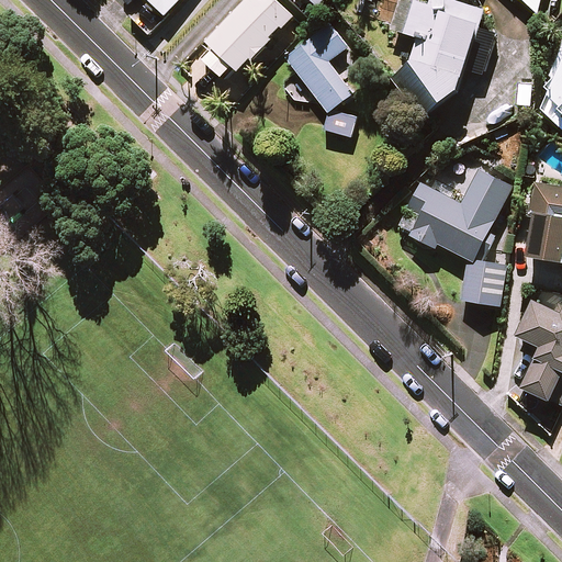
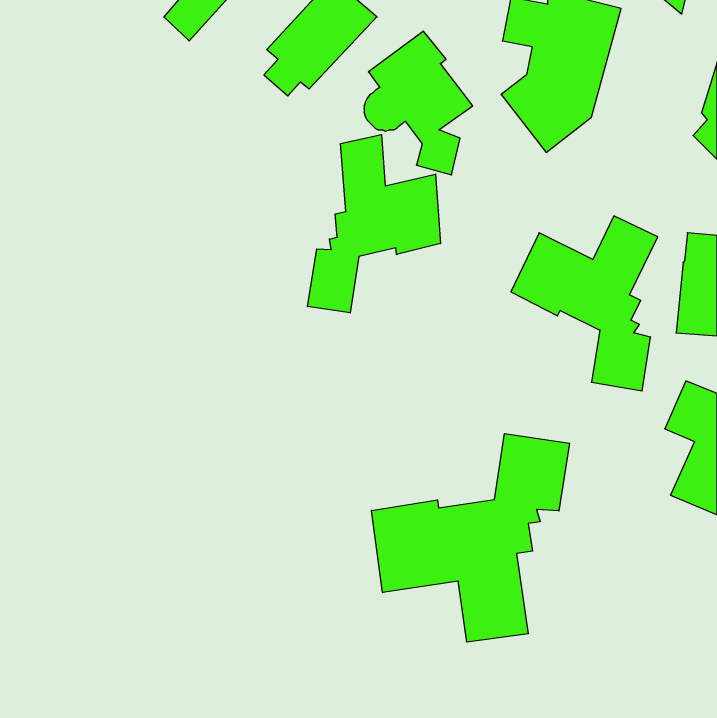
building: none -> [308,135,440,313]
building: none -> [371,434,570,642]

